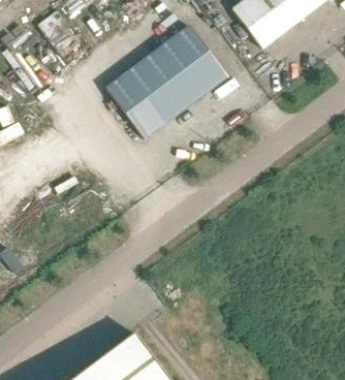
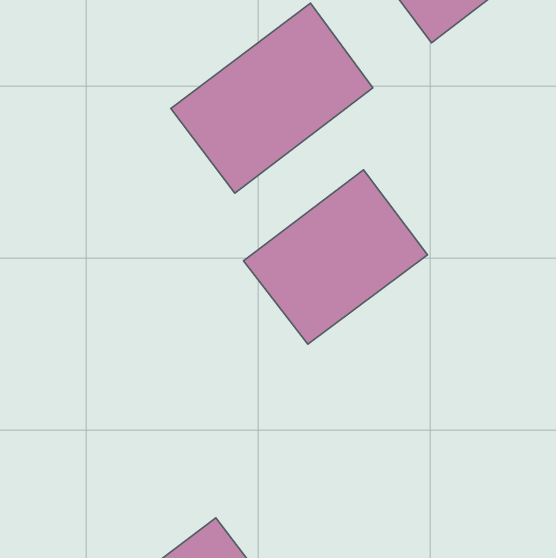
building: none -> [244,170,427,344]

